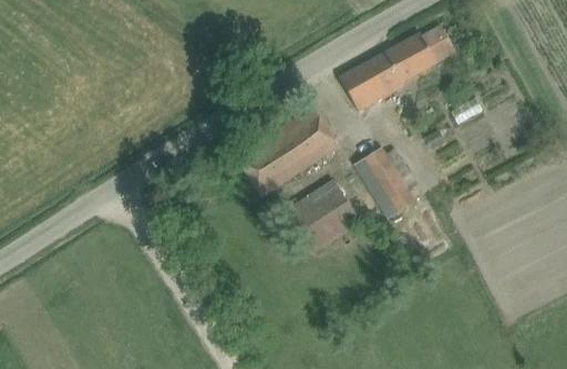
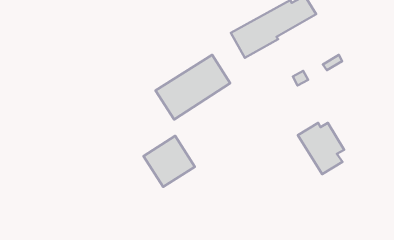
building: [353,147,416,217] -> [298,123,344,174]
building: [289,180,359,249] -> [144,136,195,187]

